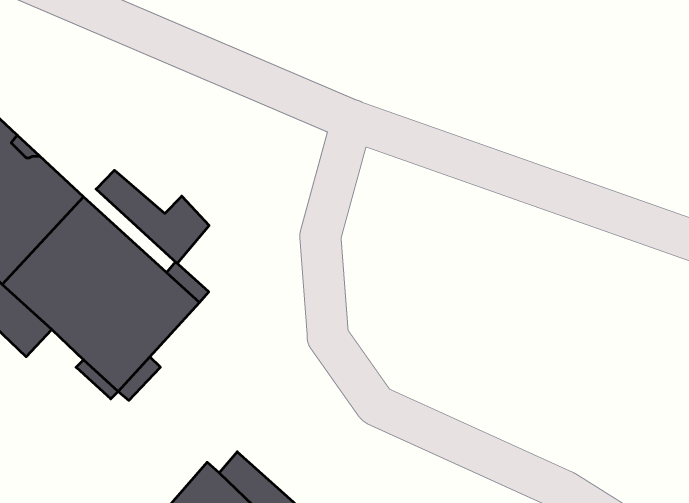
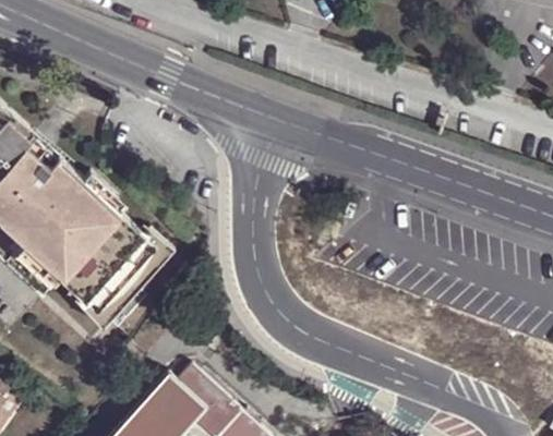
building: [96,170,209,263] -> none

